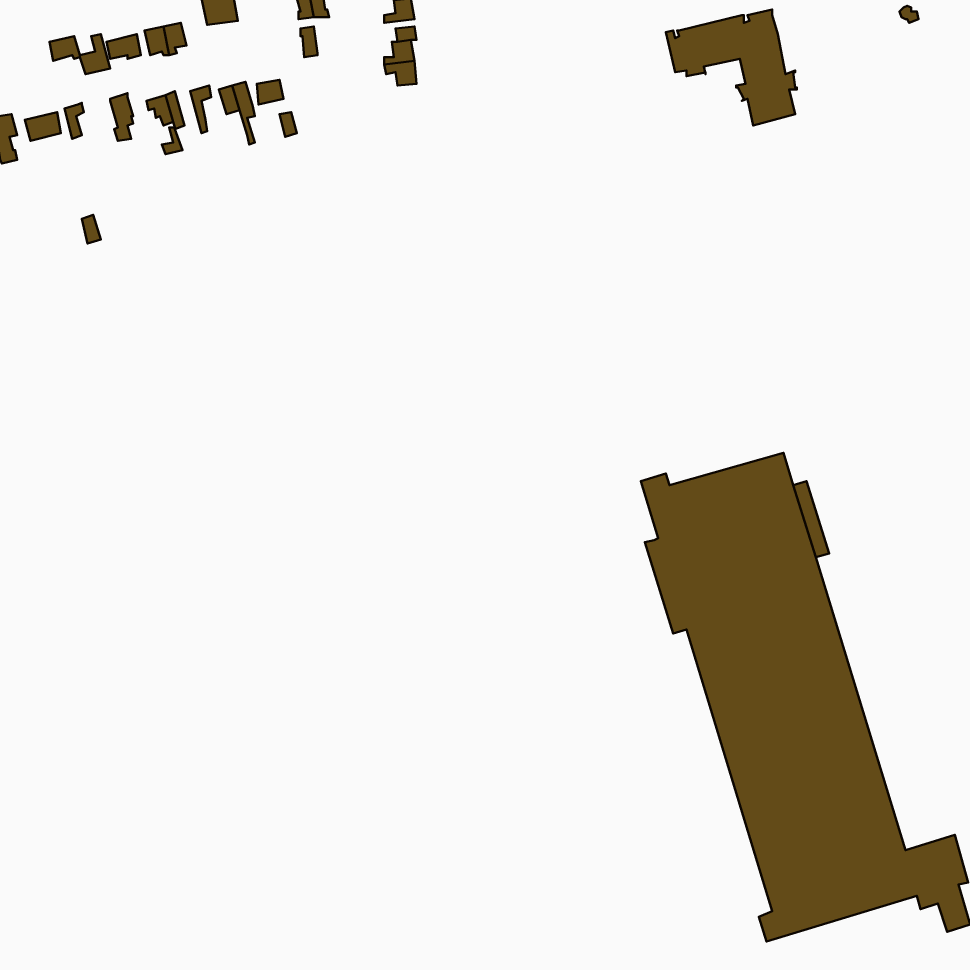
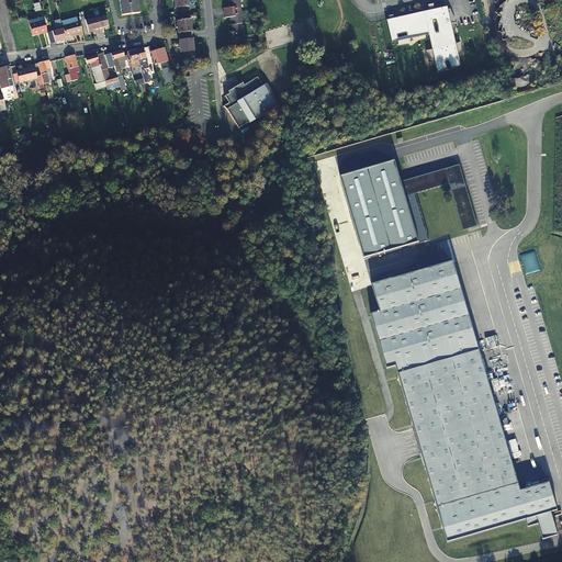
building: none -> [222,77,278,127]
building: none -> [337,157,472,255]

